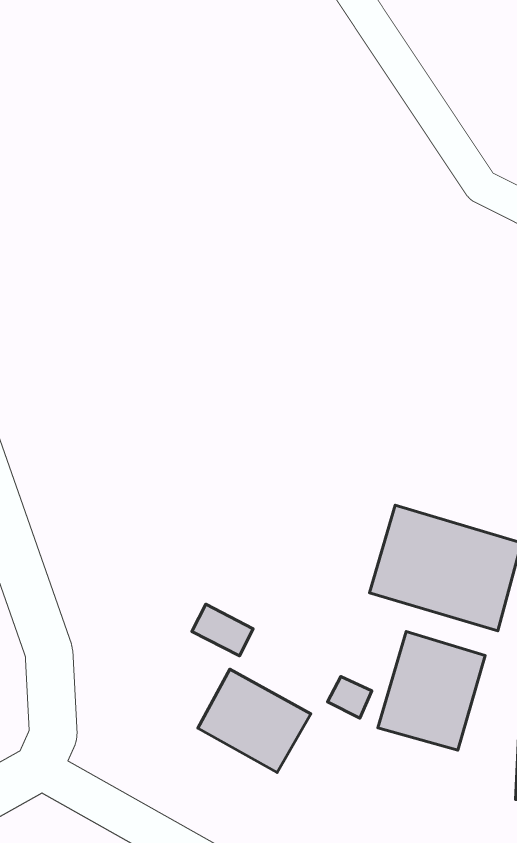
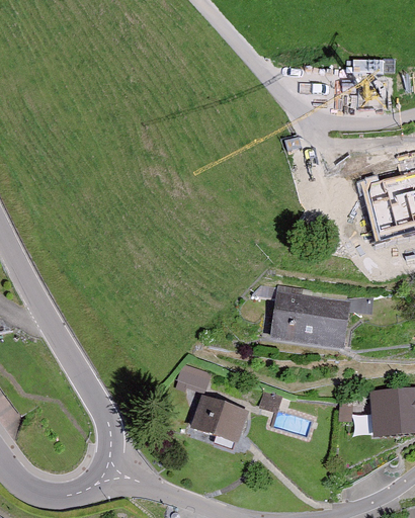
building: [378,631,485,750] -> none

